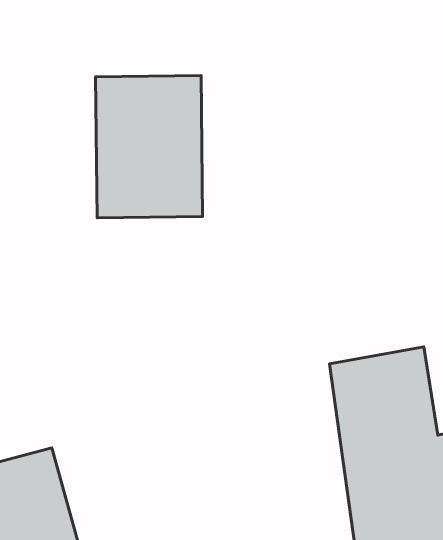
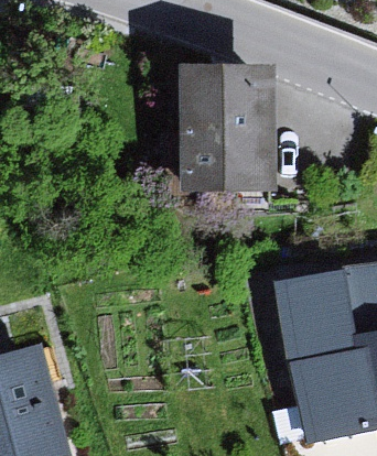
building: [96,75,202,218] -> [195,74,278,184]

